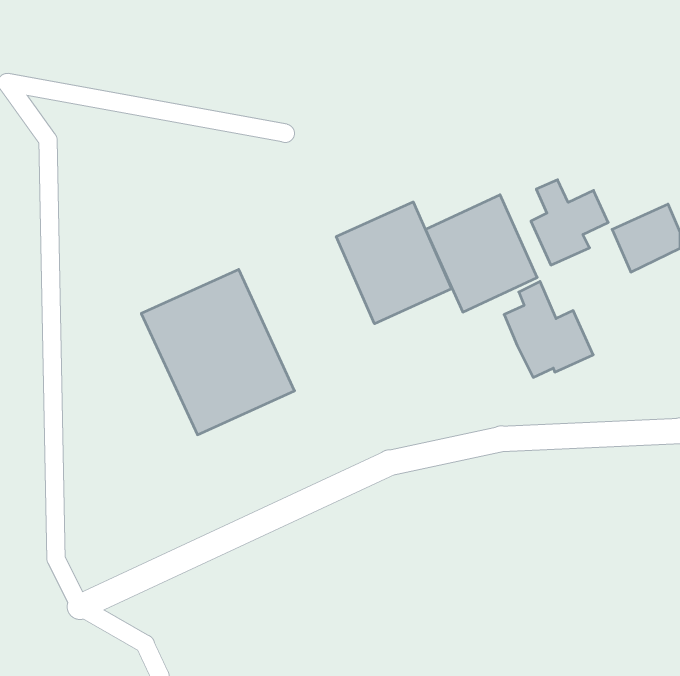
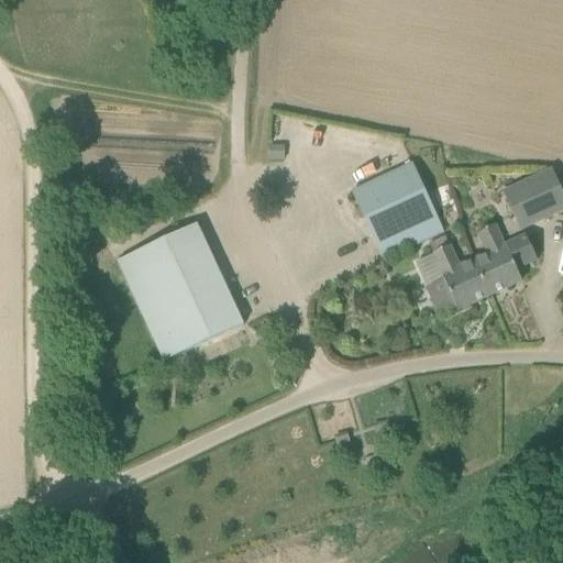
building: [531,180,608,265] -> [473,222,537,292]
building: [336,202,452,324] -> none

